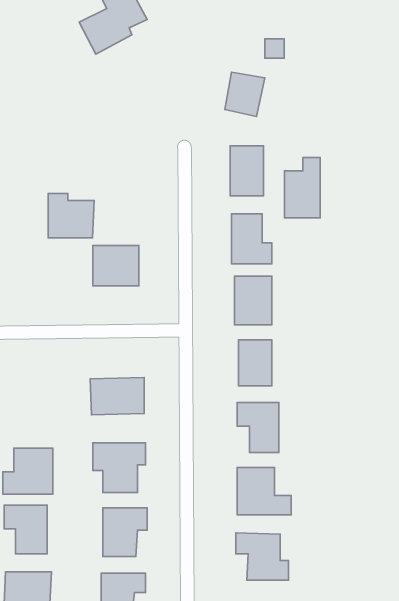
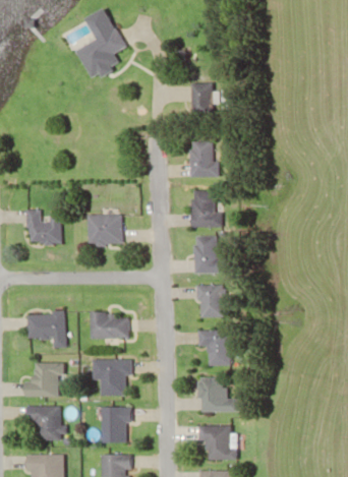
building: [284,157,320,218] -> none
building: [48,193,94,238] -> [30,212,63,244]
building: none -> [26,313,64,348]

